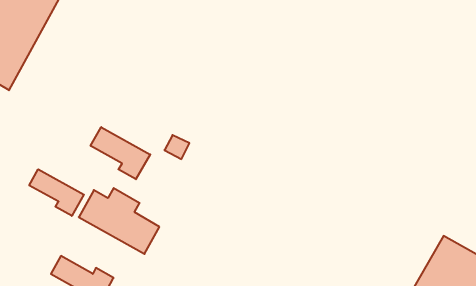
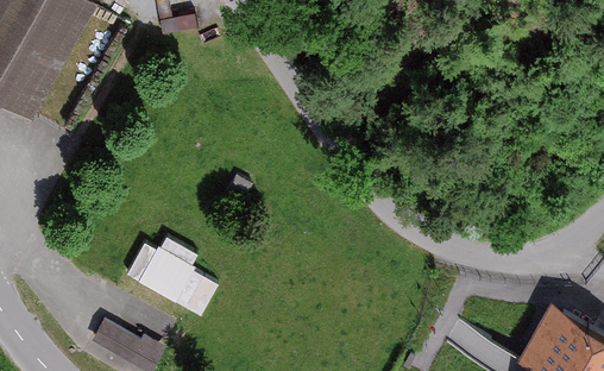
building: [91,127,150,179] -> none
building: [29,169,84,216] -> none

